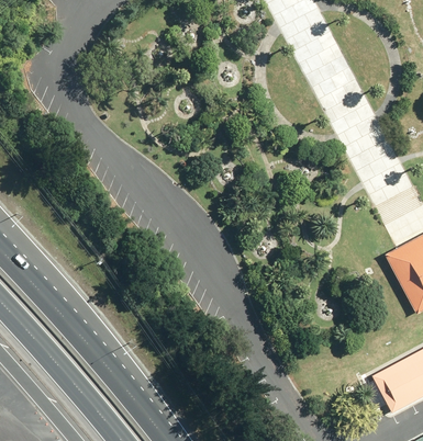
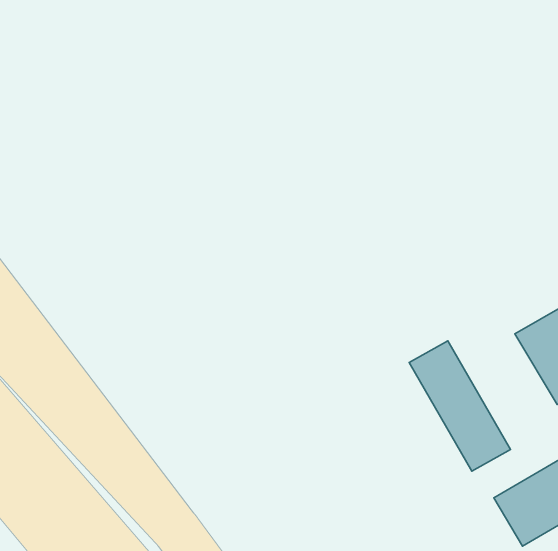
building: none -> [409,341,510,471]

